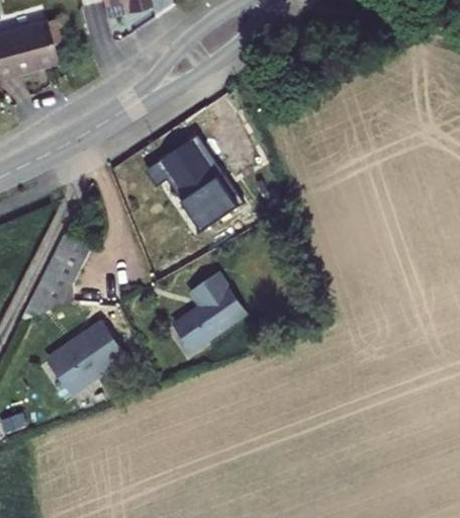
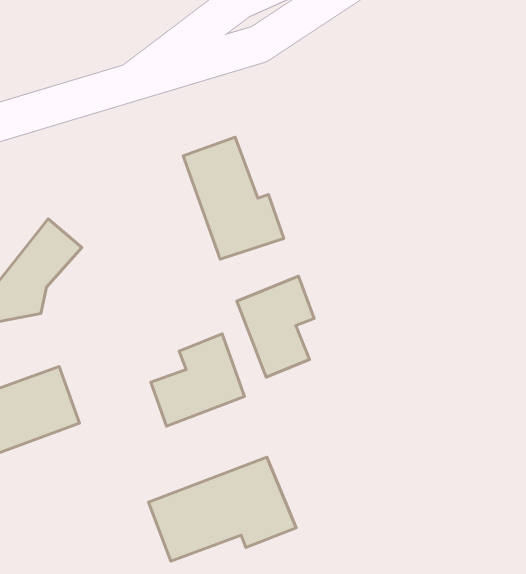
building: none -> [237,276,314,377]
building: none -> [148,457,296,561]

